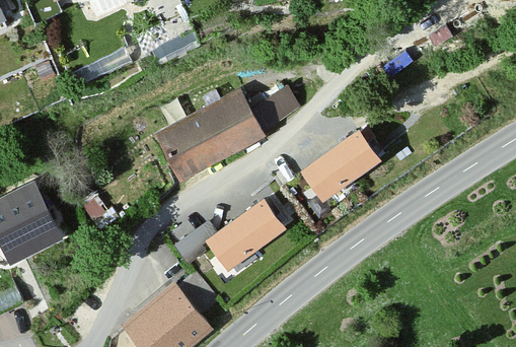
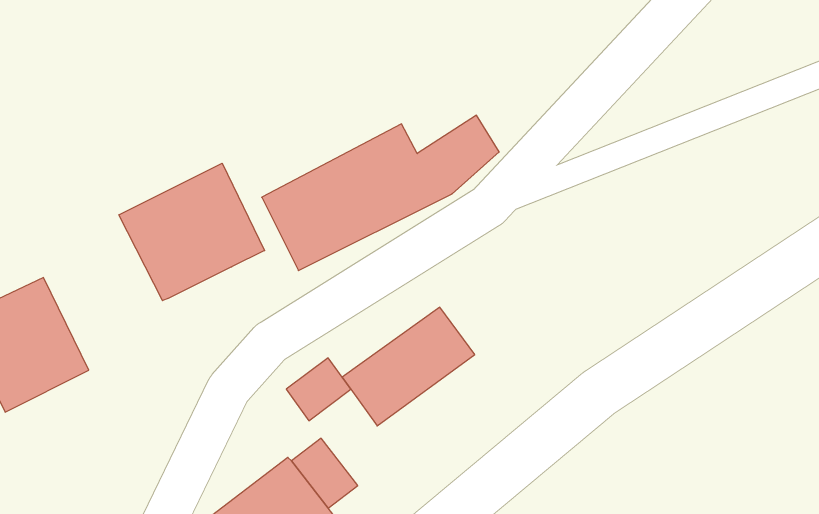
building: none -> [119,163,265,301]
building: [303,130,379,198] -> none

